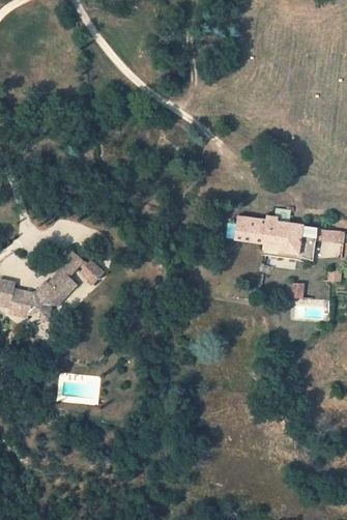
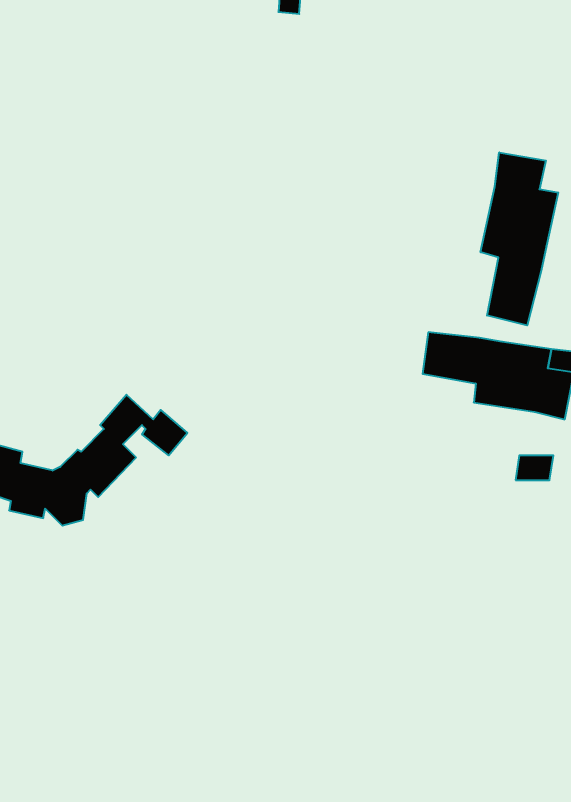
building: none -> [481,152,558,325]

